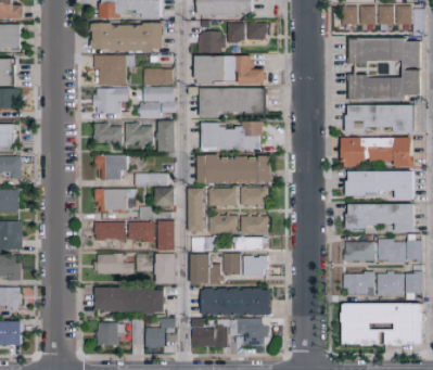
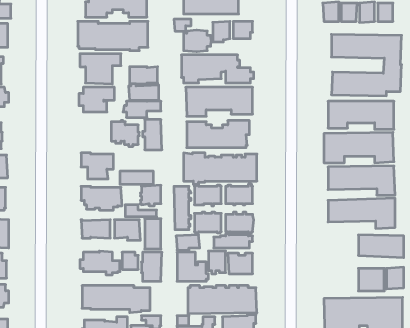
building: [93,124,124,150] -> none
building: [342,241,371,260] -> none
building: [341,272,372,294] -> none

